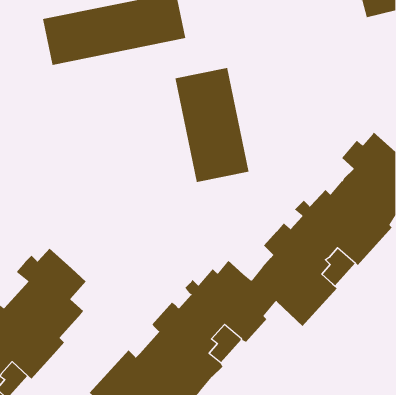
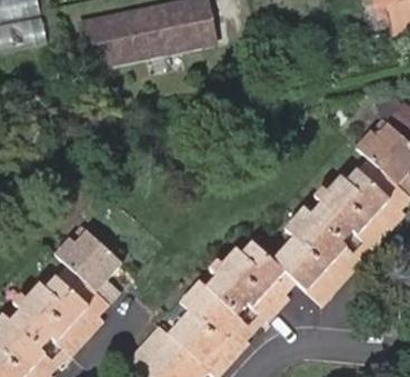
building: [175,67,249,183] -> none

